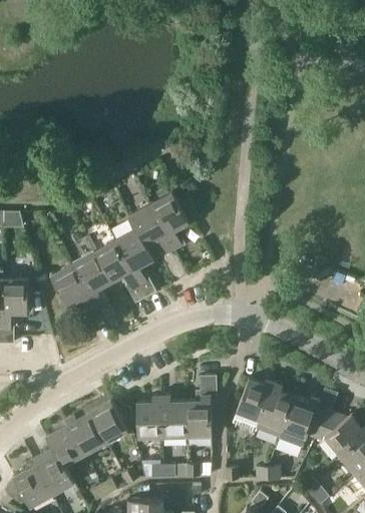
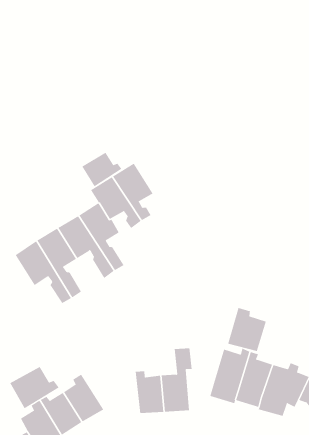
building: none -> [81,152,122,187]
building: none -> [227,307,267,352]
building: none -> [10,366,59,409]
building: [136,397,162,439] -> none

